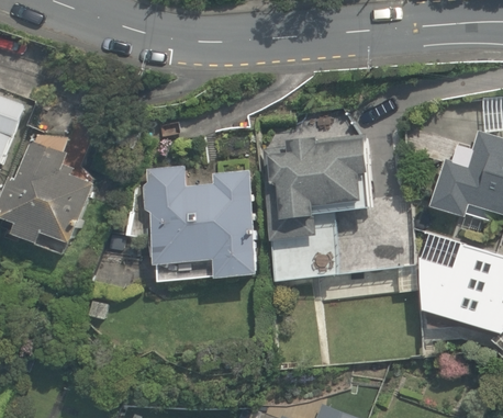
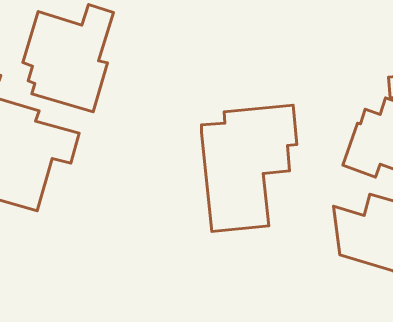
building: none -> [23,5,113,112]
building: [142,163,265,290] -> none

